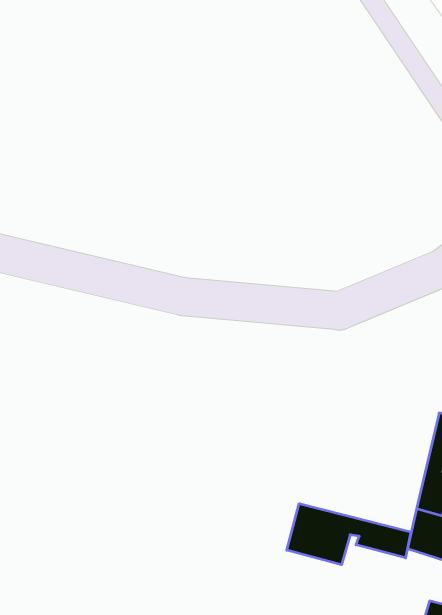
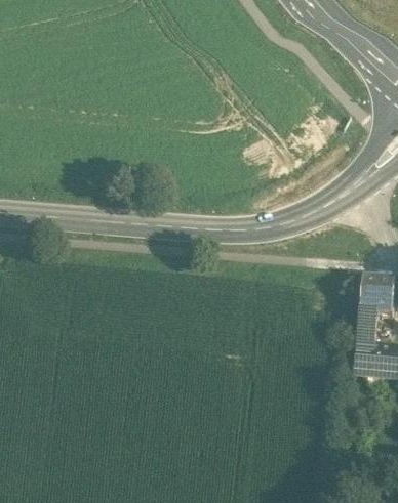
building: [287,504,411,565] -> none

